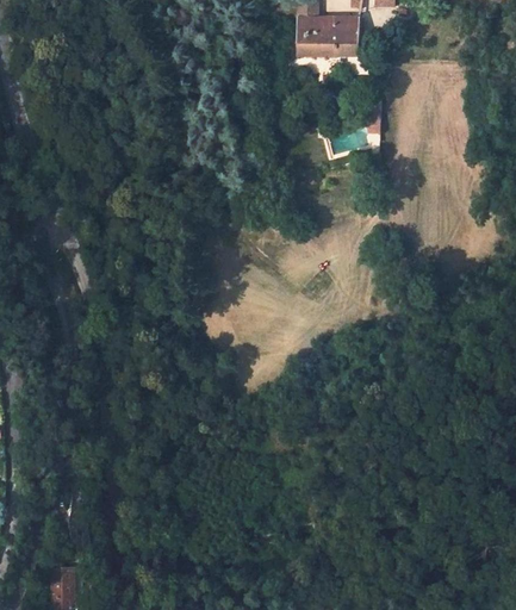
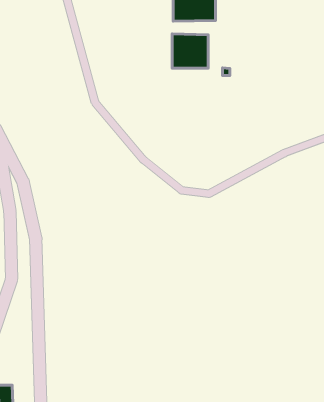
building: none -> [172,34,208,68]

